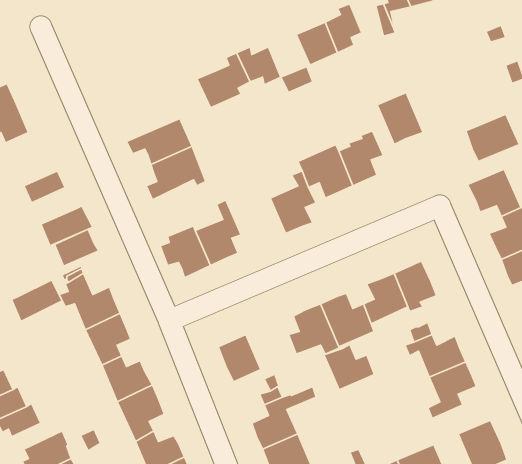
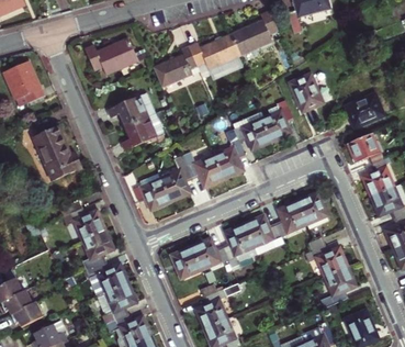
building: none -> [207,34,237,65]
building: none -> [82,40,134,76]
building: none -> [177,149,220,186]
building: [54,229,99,266] -> [37,144,69,170]
building: [11,280,62,322] -> none
building: [324,344,374,390] -> [191,242,227,275]

